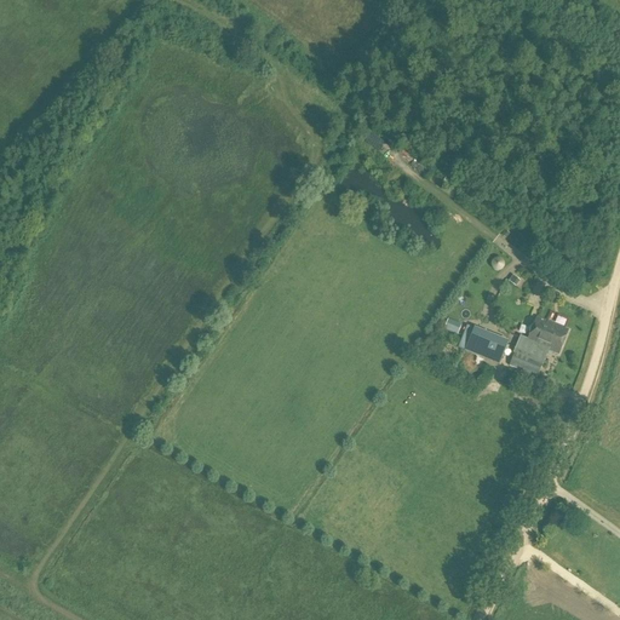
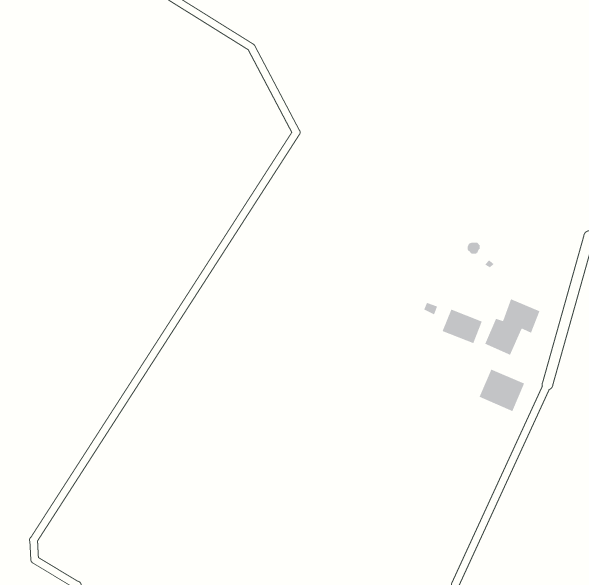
building: none -> [479,368,525,412]

